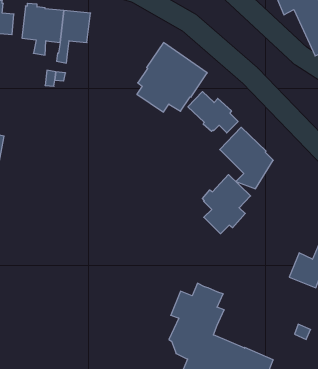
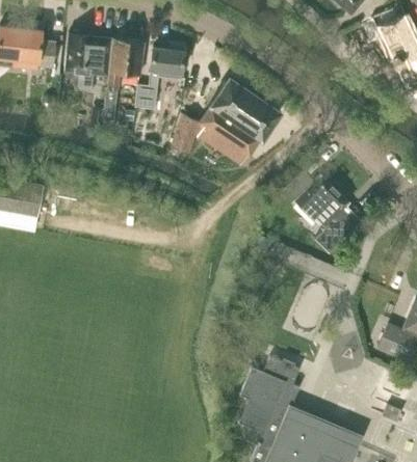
building: none -> [135,48,185,110]
building: none -> [172,114,199,155]
building: [188,92,238,133] -> none
building: [202,175,251,234] -> none

